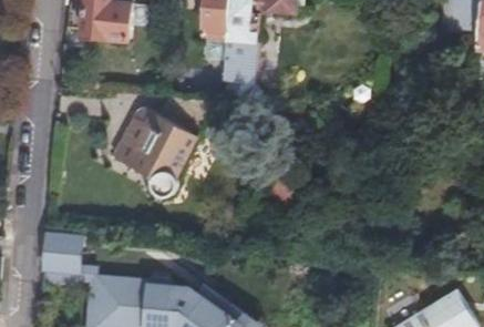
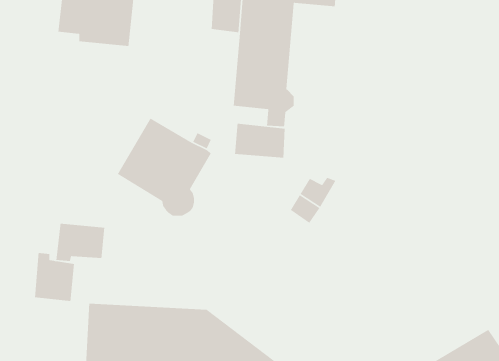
building: none -> [234,123,285,158]
building: none -> [55,223,105,262]

